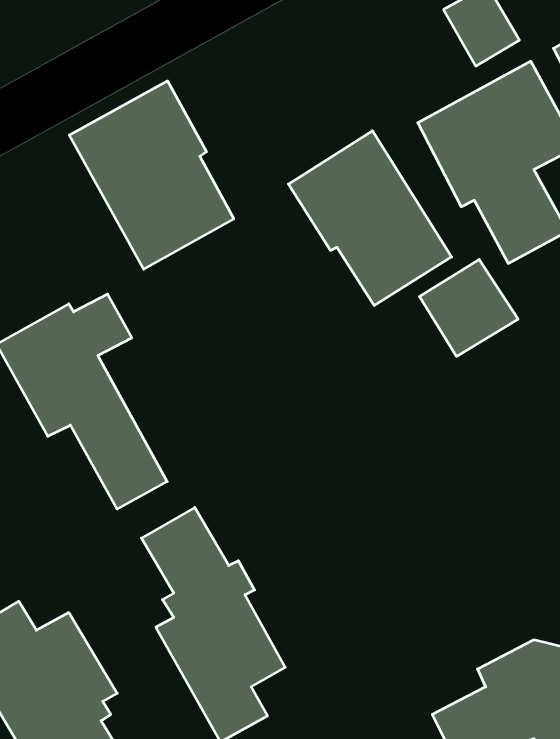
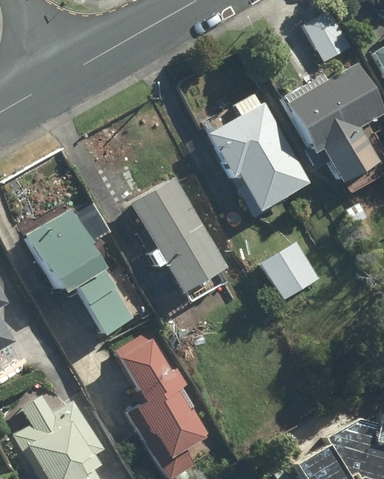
building: [69,81,234,269] -> none
building: none -> [122,176,233,318]
building: [419,259,518,356] -> [258,241,319,301]

